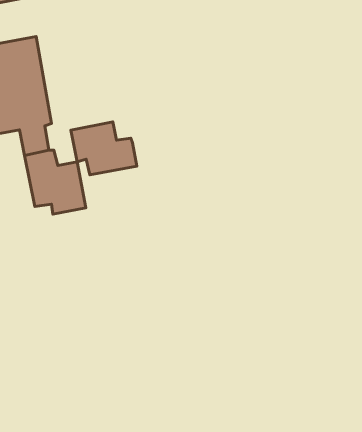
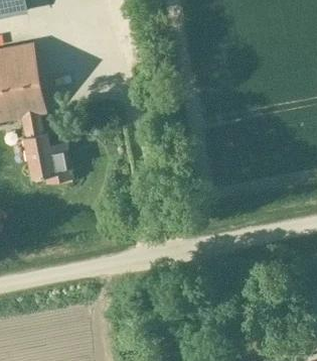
building: [71,122,137,175] -> none

